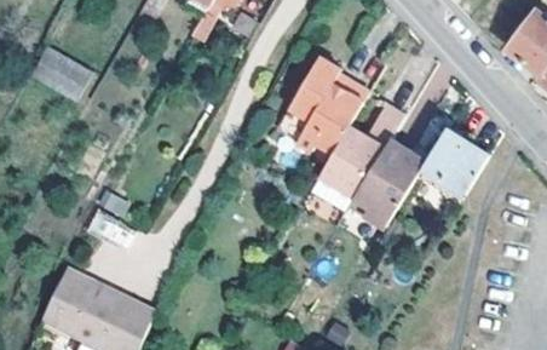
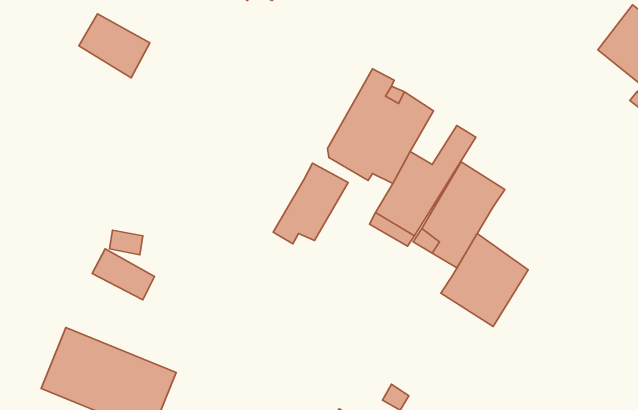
building: [33,47,92,101] -> [79,14,150,78]
building: [418,125,490,202] -> [441,233,528,326]
building: none -> [273,163,348,244]

